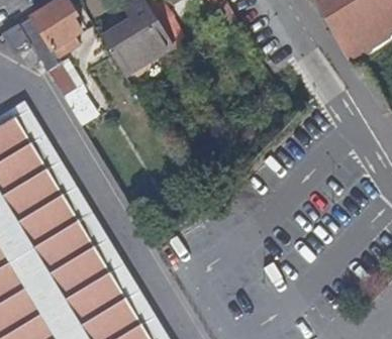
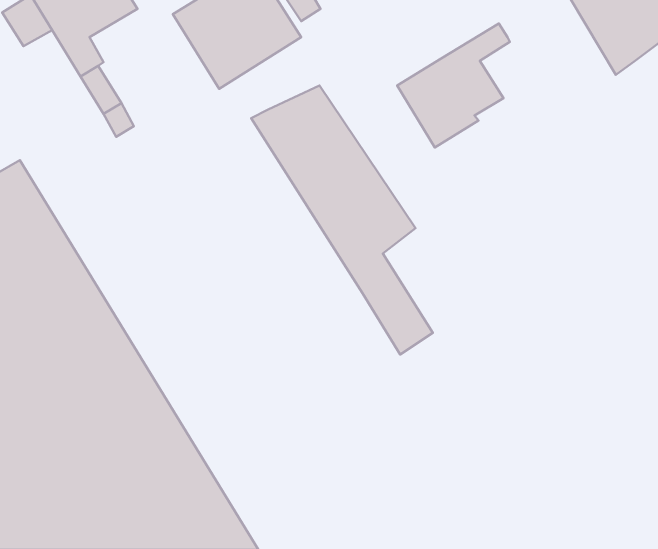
building: none -> [397,23,510,147]
building: none -> [251,85,433,355]

